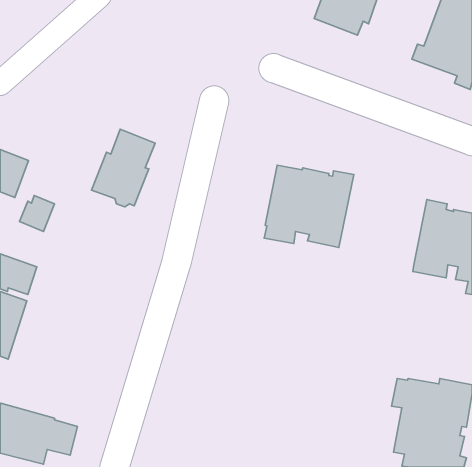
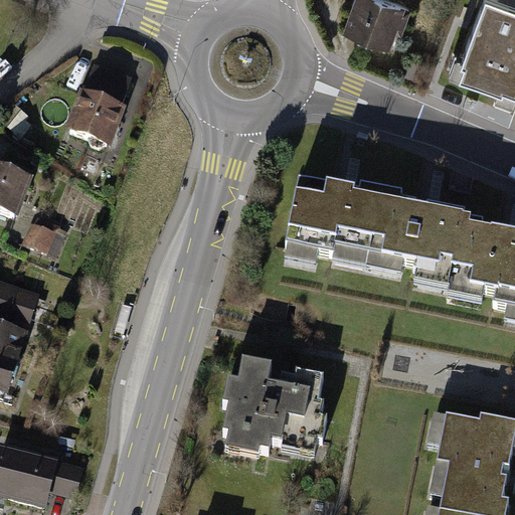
building: [92,129,155,207] -> [62,60,132,145]
building: none -> [369,190,469,289]
building: none -> [221,361,327,458]

